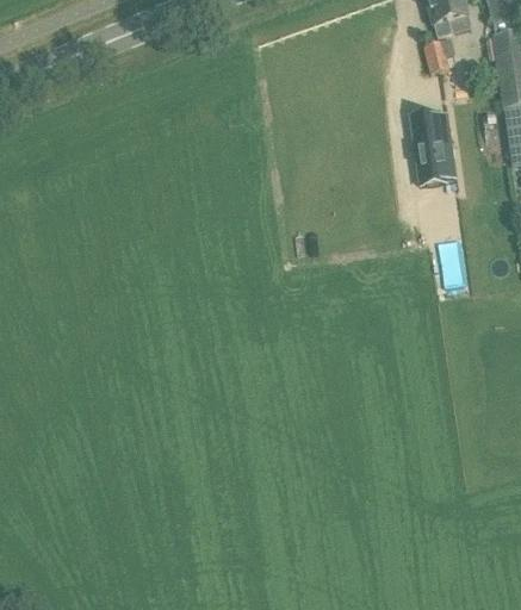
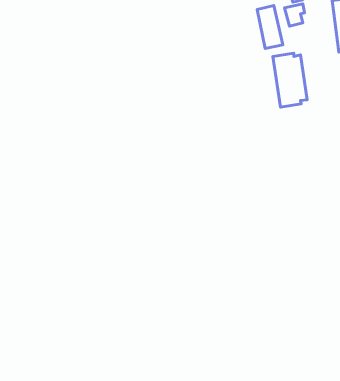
building: none -> [257,6,283,48]

